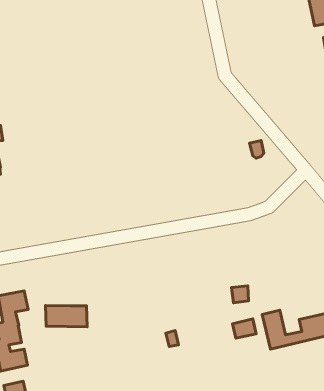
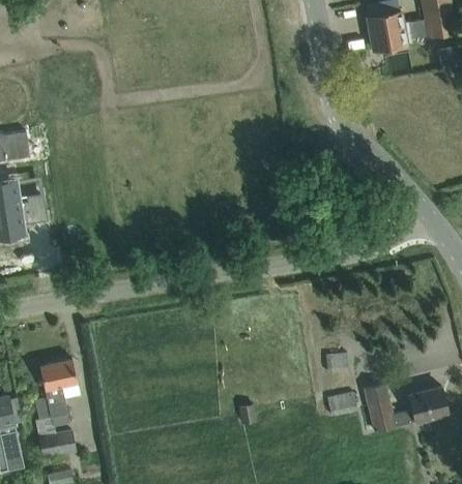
building: none -> [366,9,416,51]
building: [46,305,87,327] -> none

